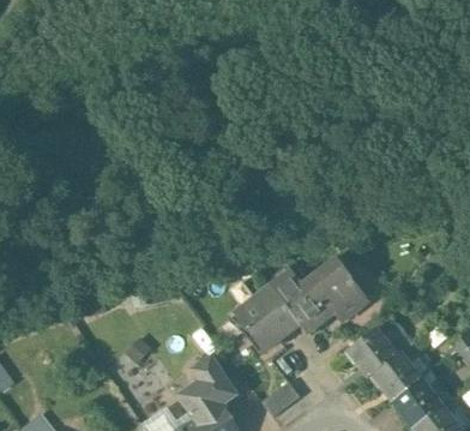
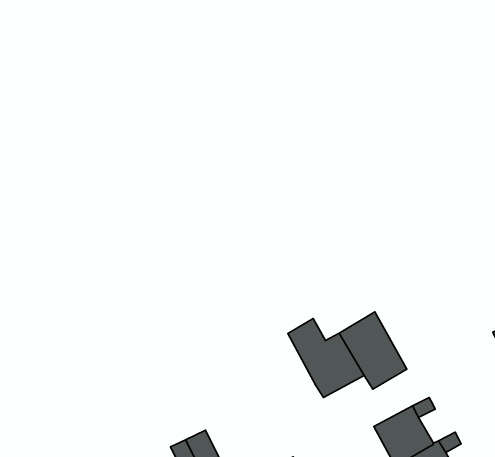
building: [236,286,297,348] -> none

